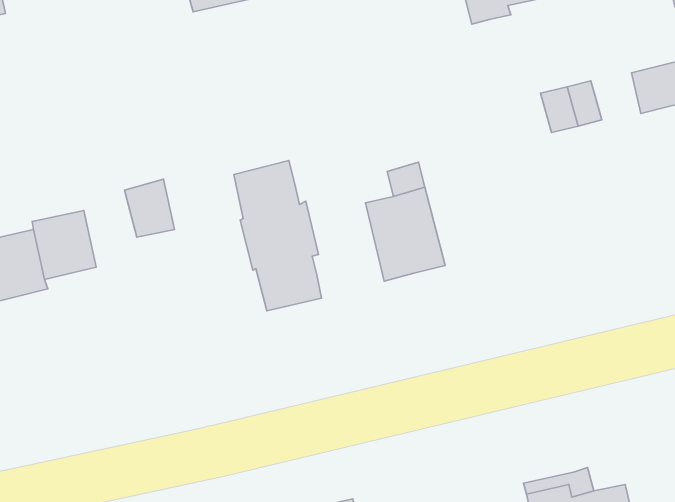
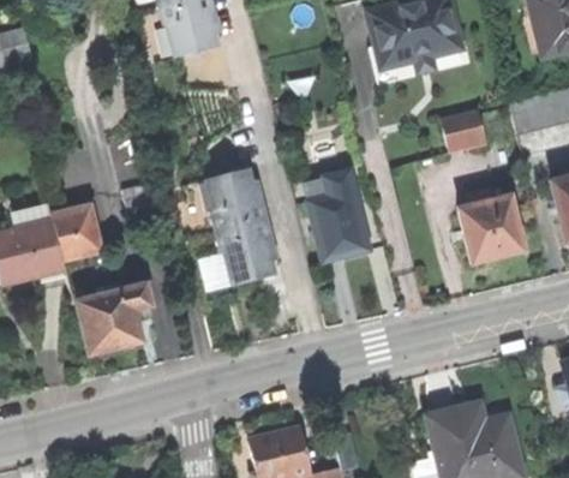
building: none -> [461,190,523,261]
building: none -> [77,283,150,353]

